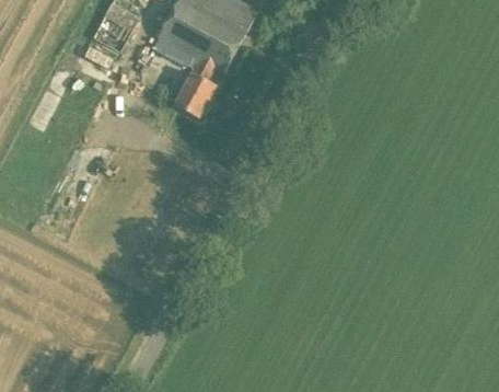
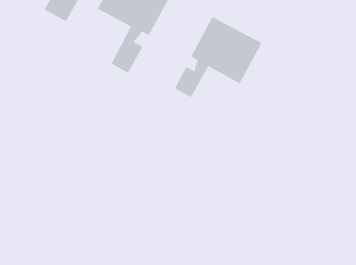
building: none -> [174,16,262,98]

